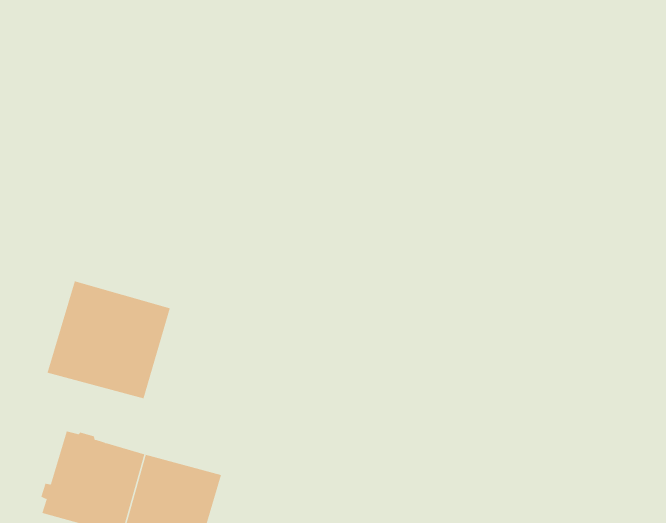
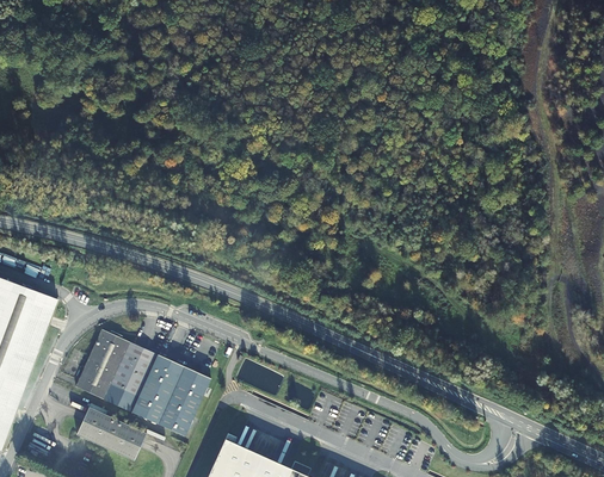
building: [47,280,171,399] -> none

